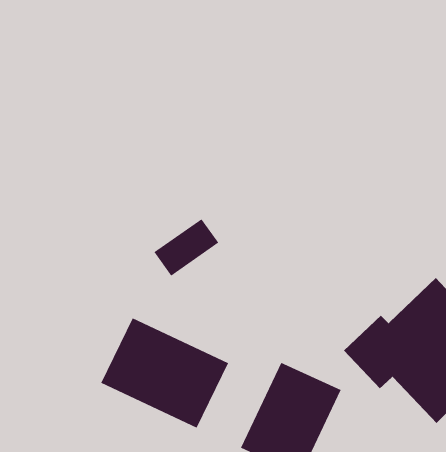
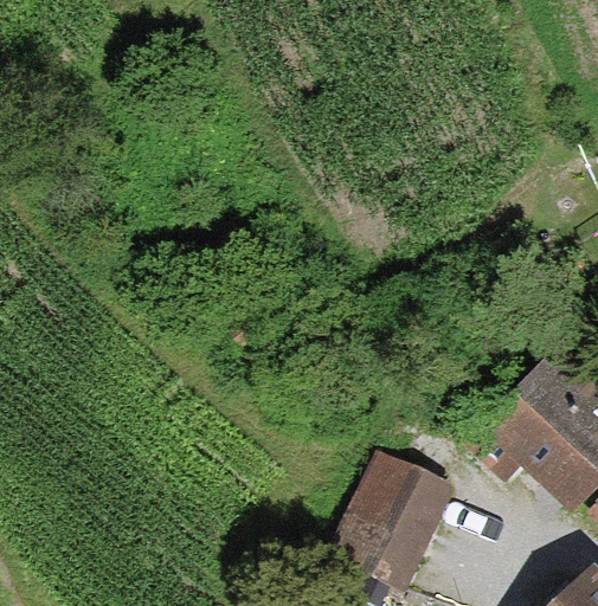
building: [101,317,229,429] -> none

